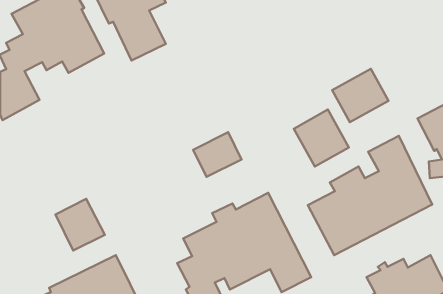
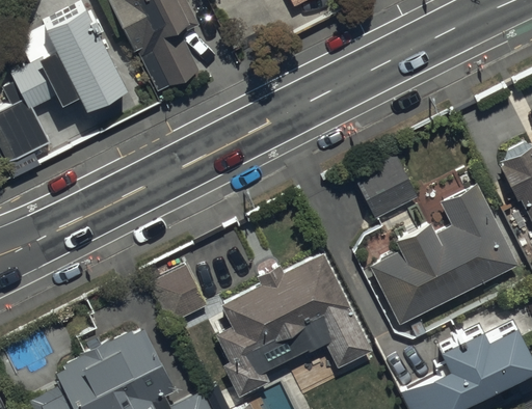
building: [332,69,389,122] -> none
building: [193,132,241,177] -> none
building: [56,199,105,251] -> [150,264,208,325]

